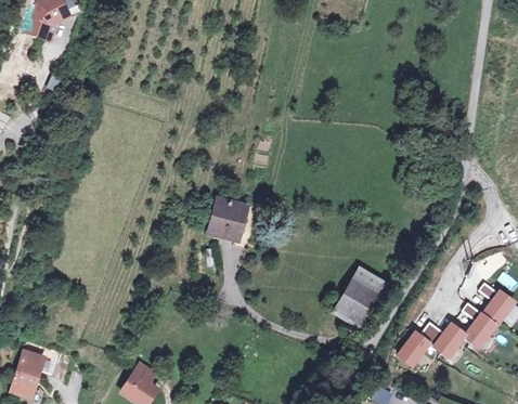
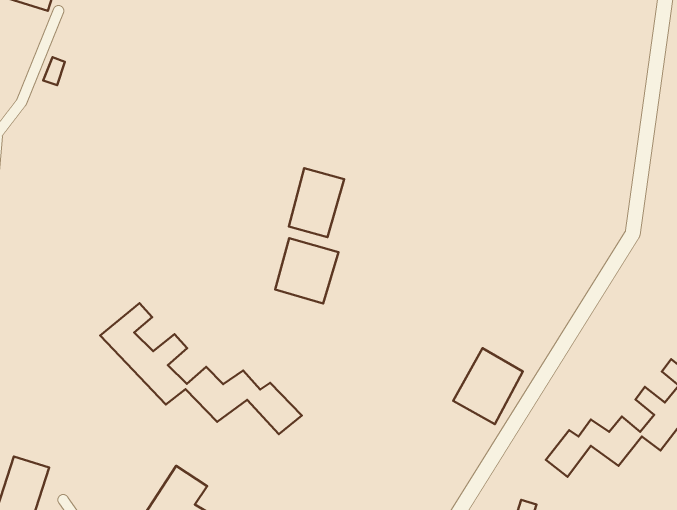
building: none -> [289,168,344,237]
building: none -> [100,303,302,434]

